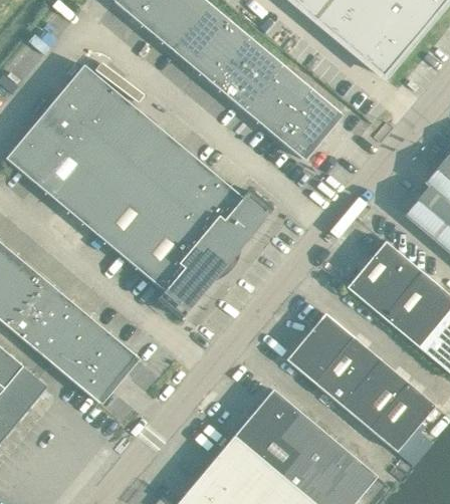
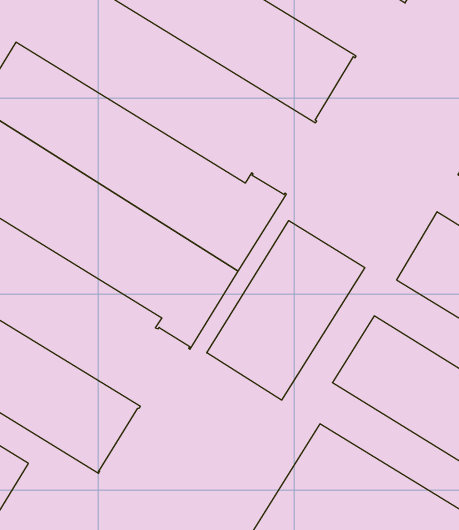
building: none -> [207,221,365,400]

